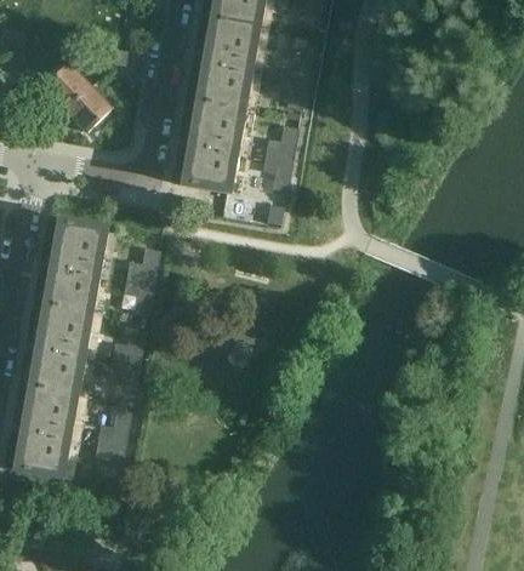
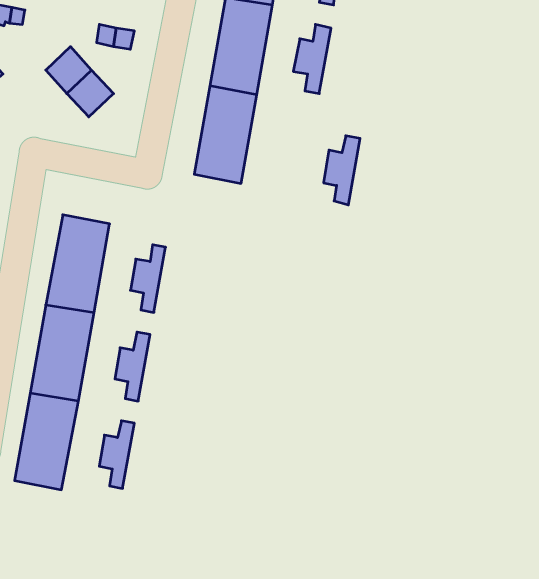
building: [261,125,295,189] -> [324,136,360,205]

